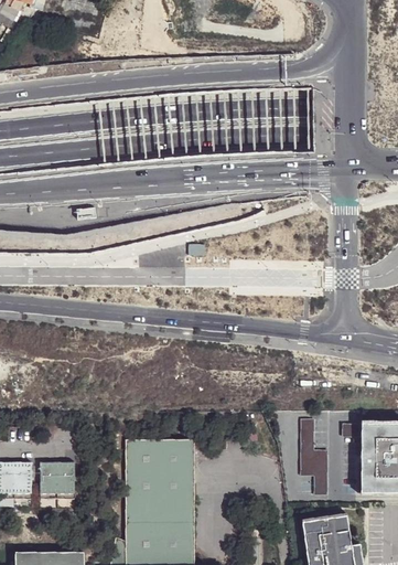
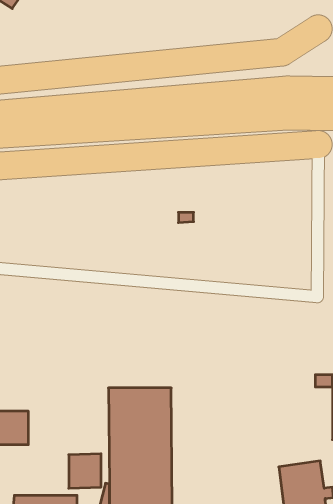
building: [302,418,329,493] -> none
building: [40,460,75,498] -> [69,454,101,488]

